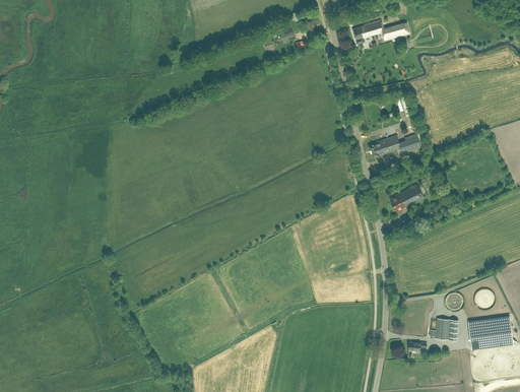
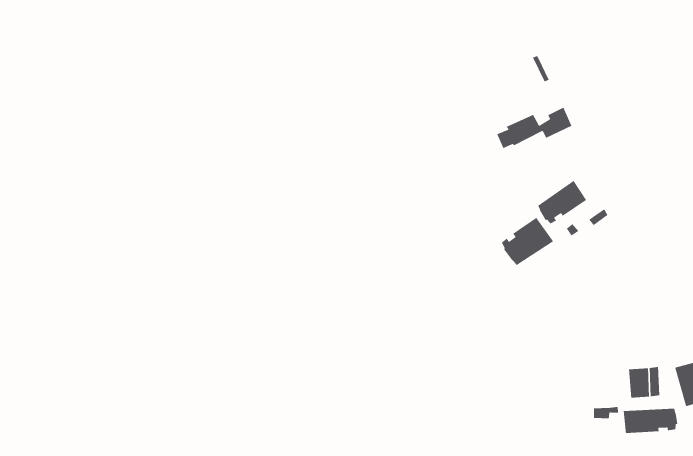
building: none -> [501,217,554,266]
building: none -> [623,408,678,434]

